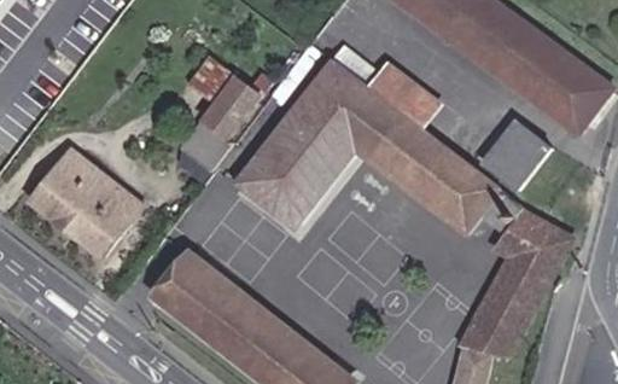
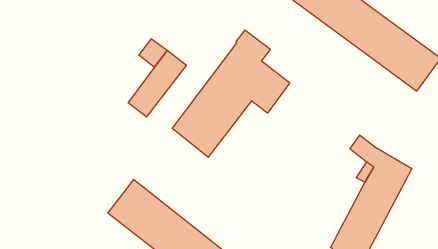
building: [365,62,499,232] -> none
building: [480,120,549,188] -> none
building: [30,150,140,256] -> none

